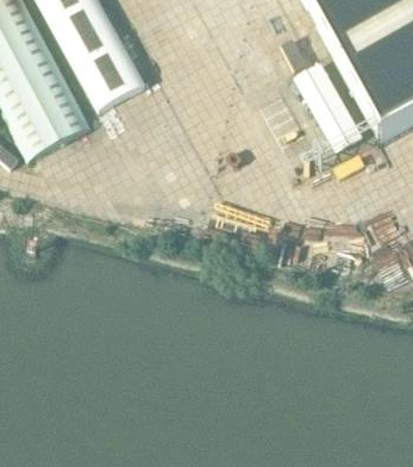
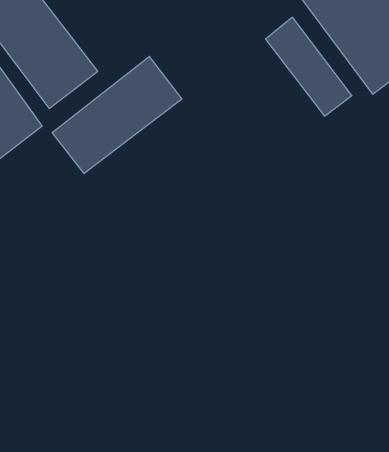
building: none -> [52,56,182,174]

